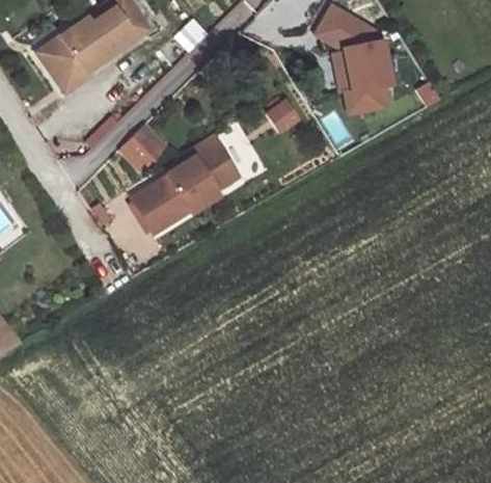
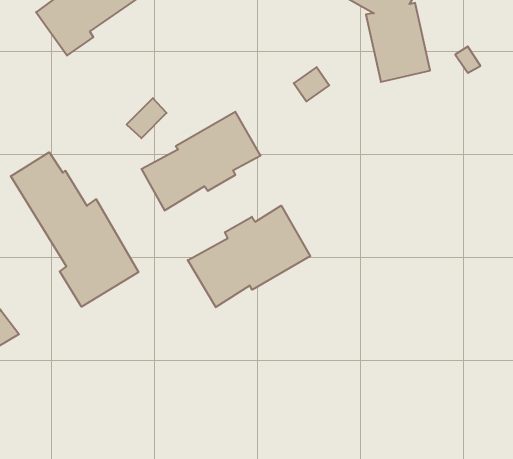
building: none -> [11,152,138,307]
building: none -> [188,206,310,307]

